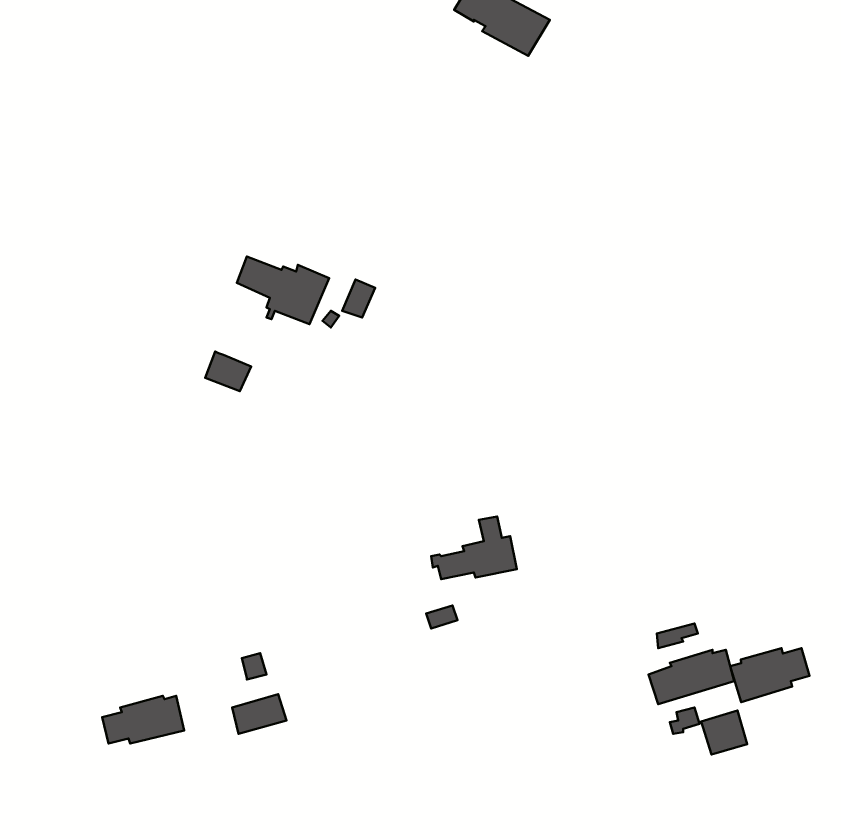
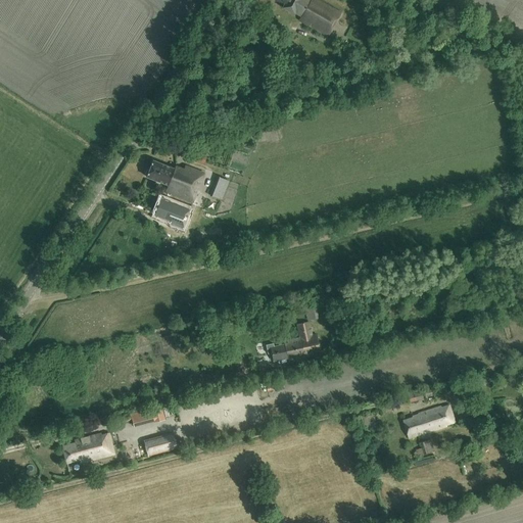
building: [205,352,251,391] -> [157,196,186,221]
building: [730,648,810,702] -> none
building: [701,710,747,754] -> none

